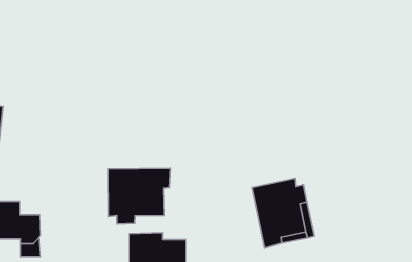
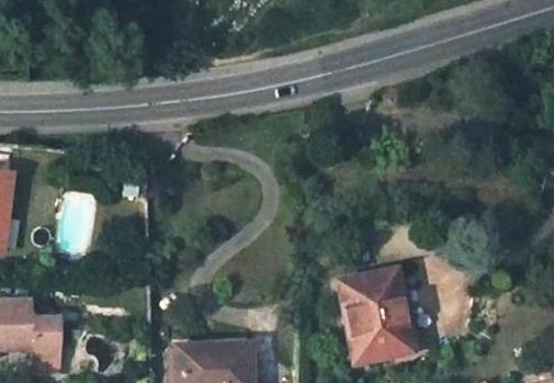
building: [108,168,171,224] -> none

